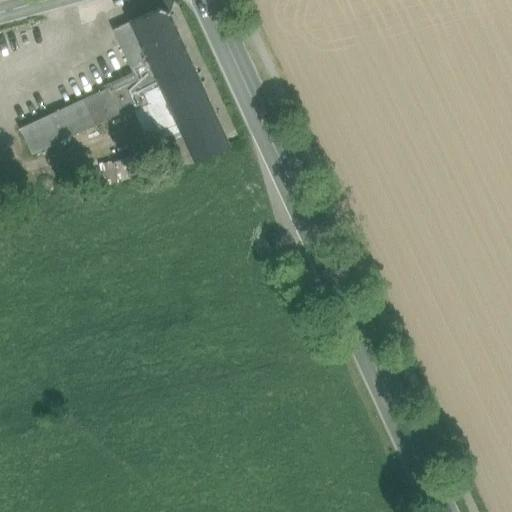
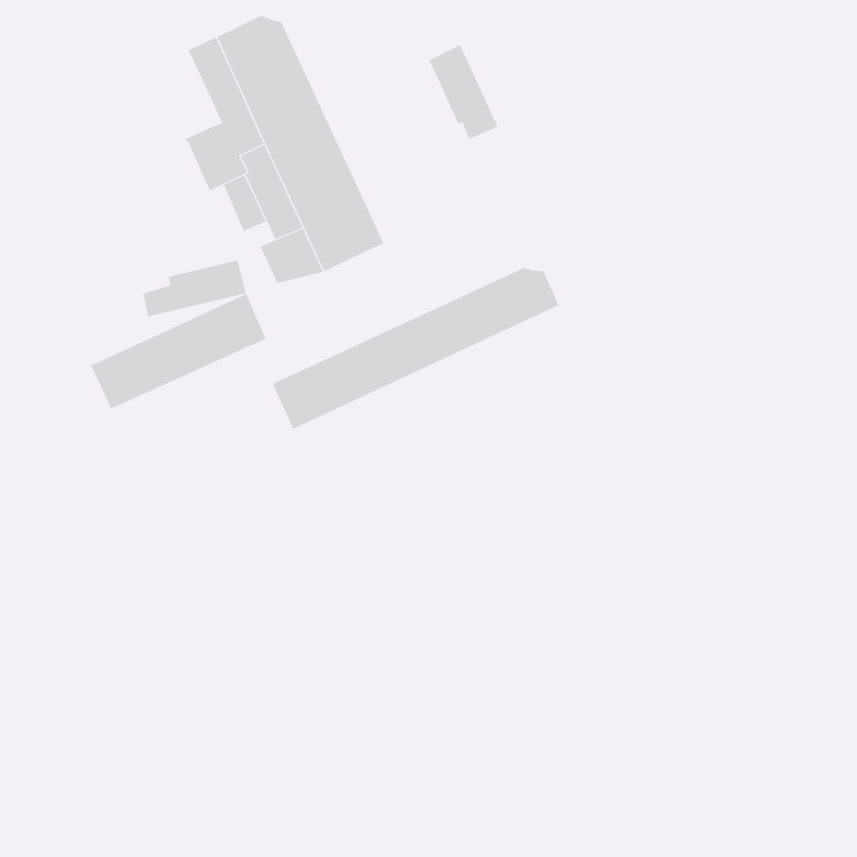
building: none -> [429,44,498,140]
building: [19,85,124,154] -> [91,293,267,409]
building: none -> [272,267,559,429]

